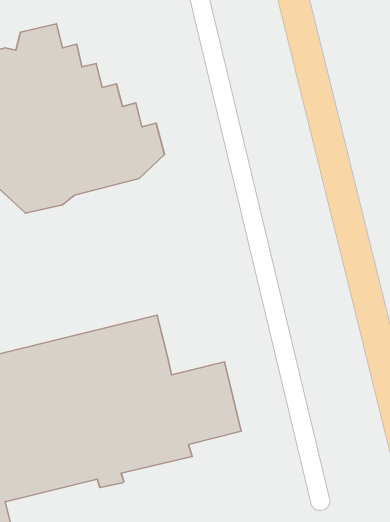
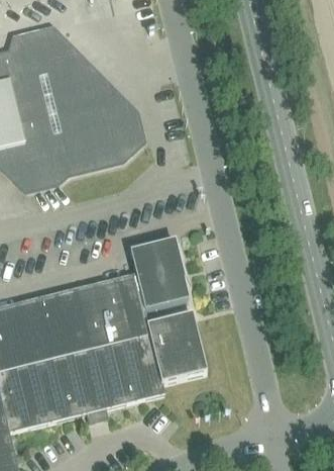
building: none -> [131,240,190,311]

